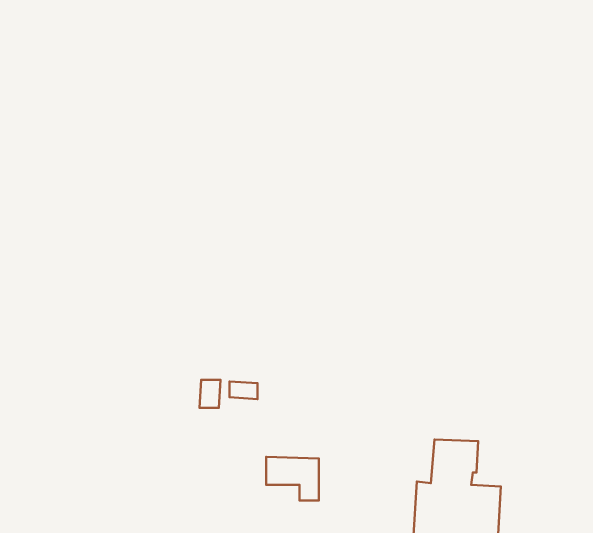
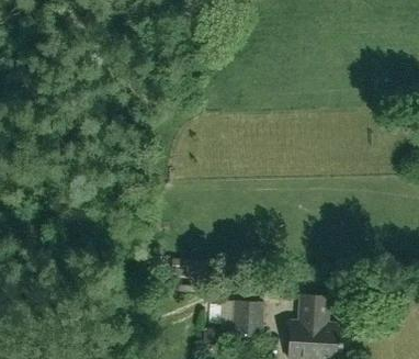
building: none -> [235,300,263,335]

